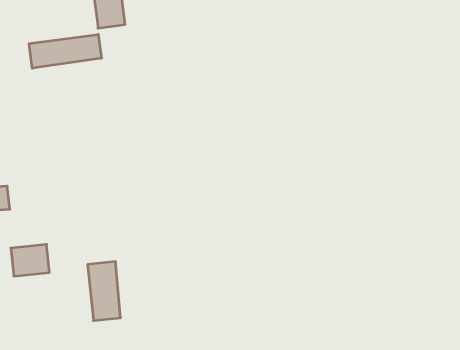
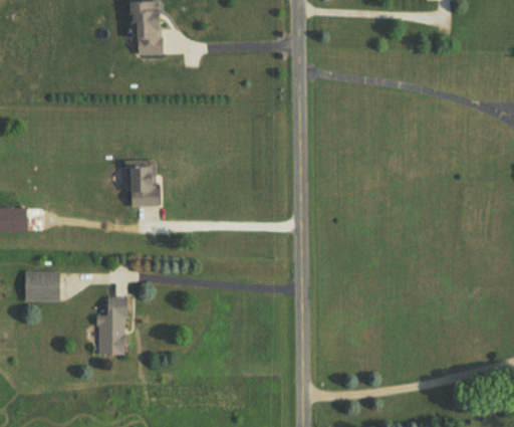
building: [29,34,101,68] -> none
building: none -> [125,161,160,206]

